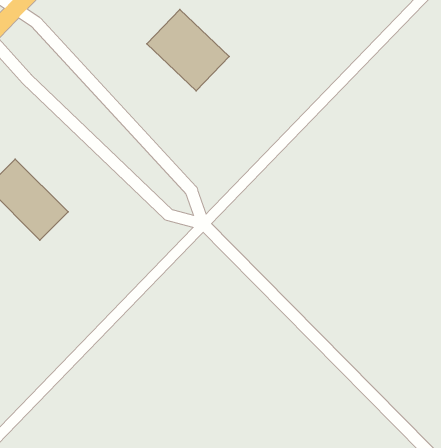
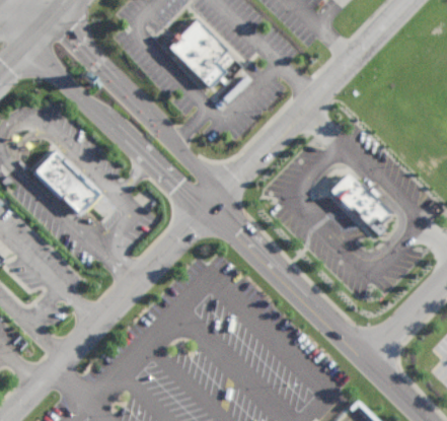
building: none -> [332,173,392,238]

